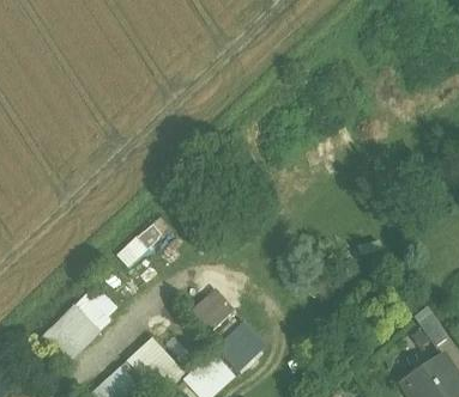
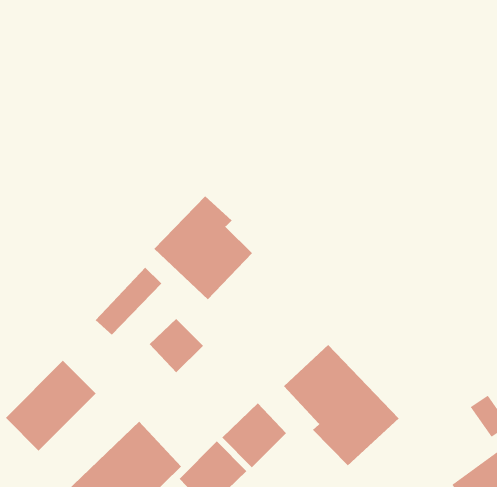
building: none -> [154,196,253,300]
building: none -> [283,344,399,466]
building: [195,285,238,328] -> [149,318,204,373]

